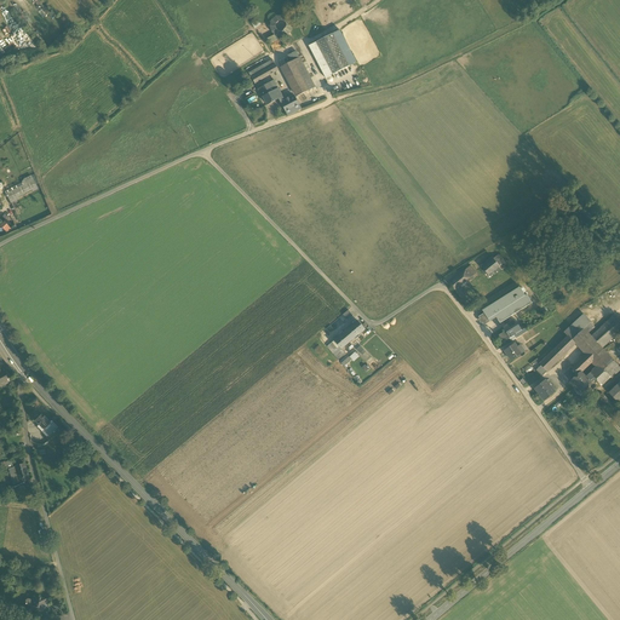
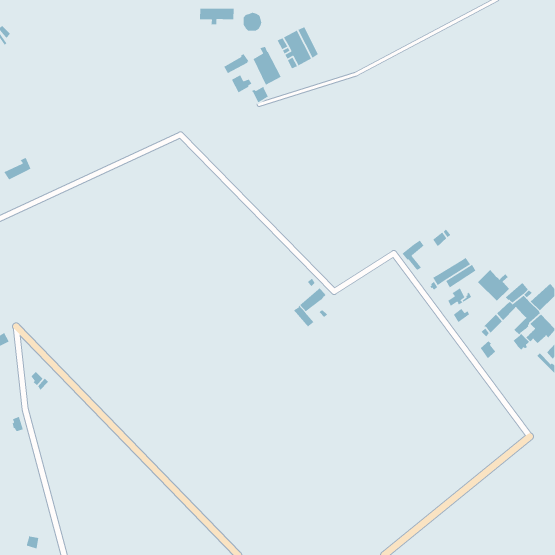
building: none -> [199,8,234,25]
building: none -> [477,269,510,302]

